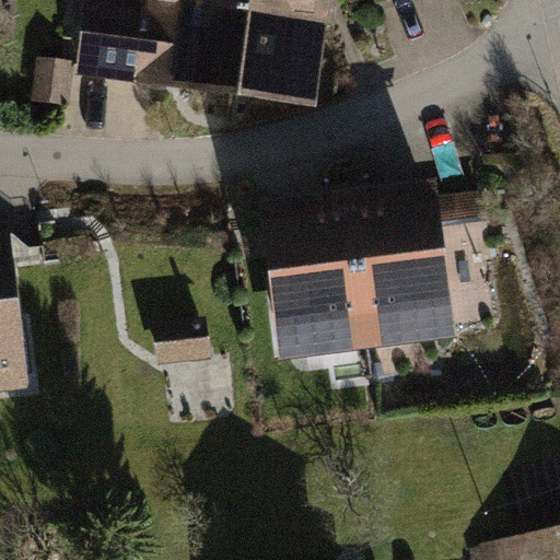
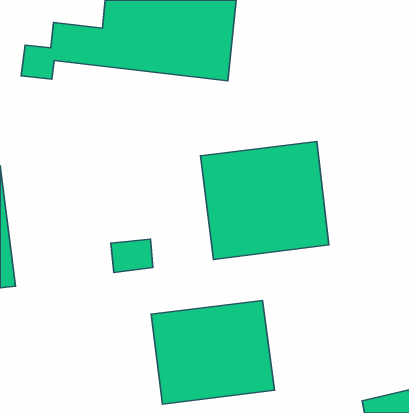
building: none -> [151,300,274,404]

